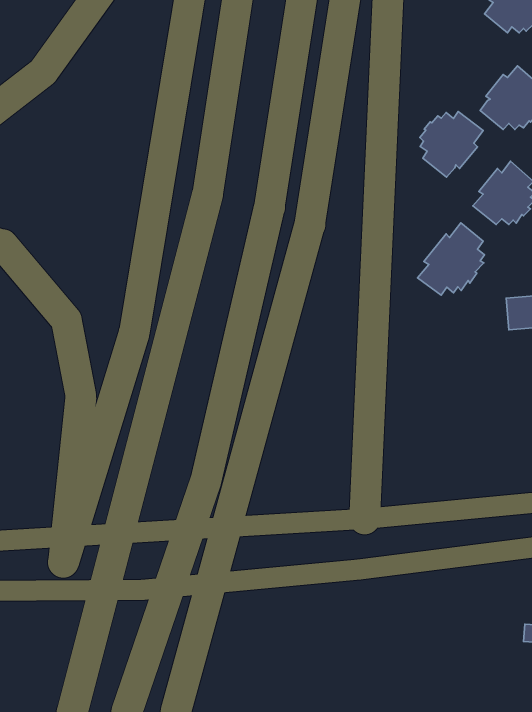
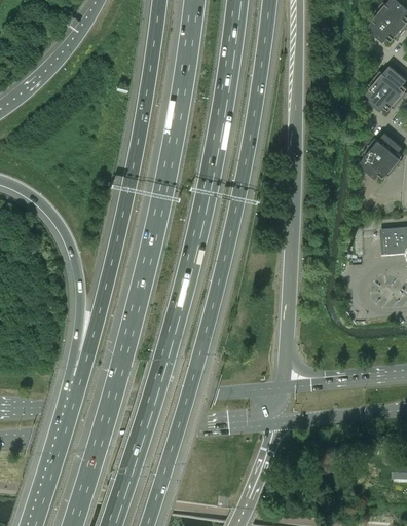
building: [420,112,483,177] -> none
building: [417,223,484,295] -> none

